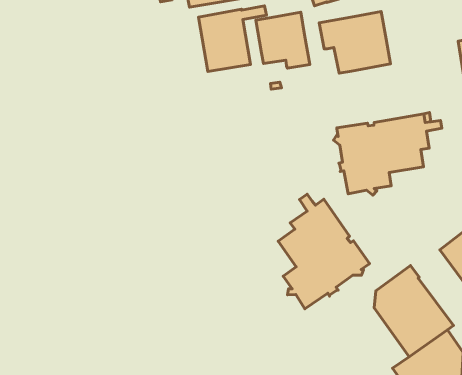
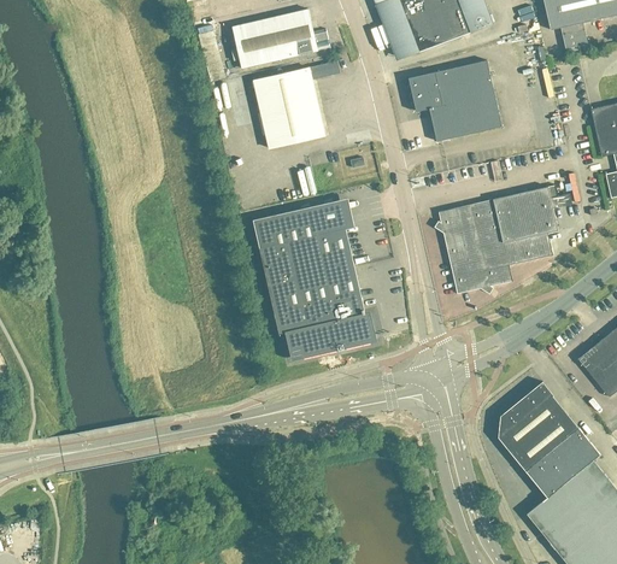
building: [256,12,310,68] -> none
building: none -> [253,199,377,360]
building: [278,194,370,309] -> none

